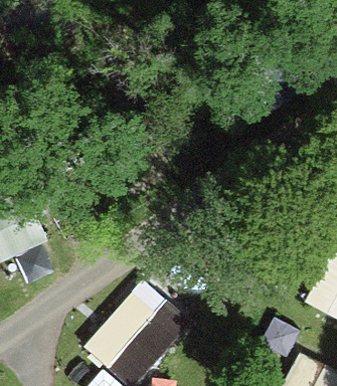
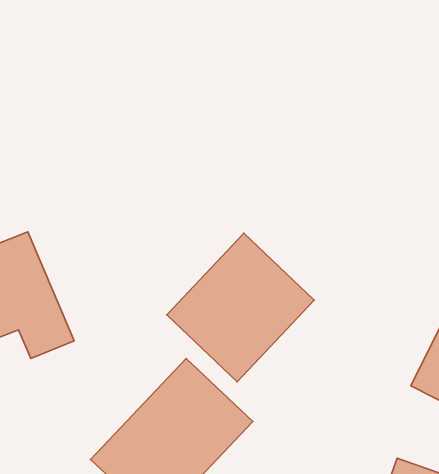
building: none -> [167,233,314,382]

